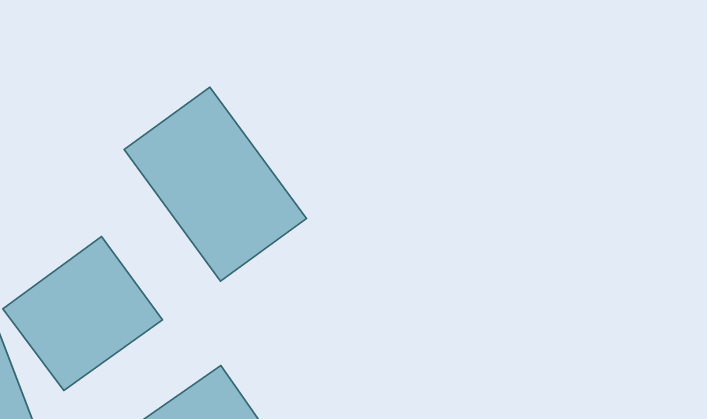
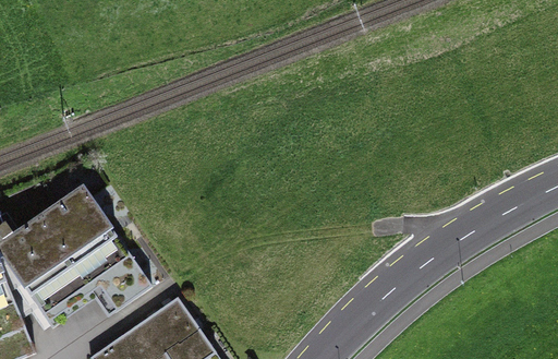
building: [124,87,306,281] -> none

